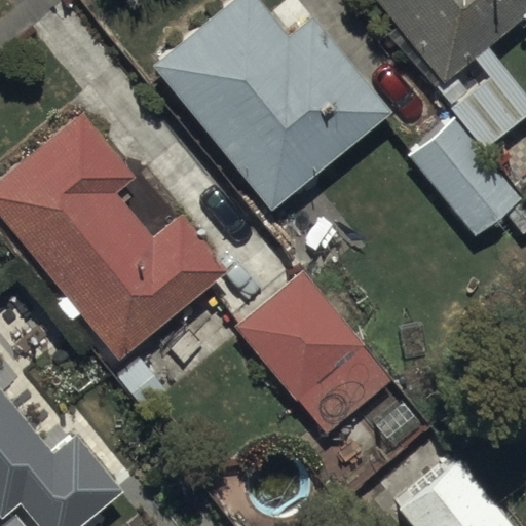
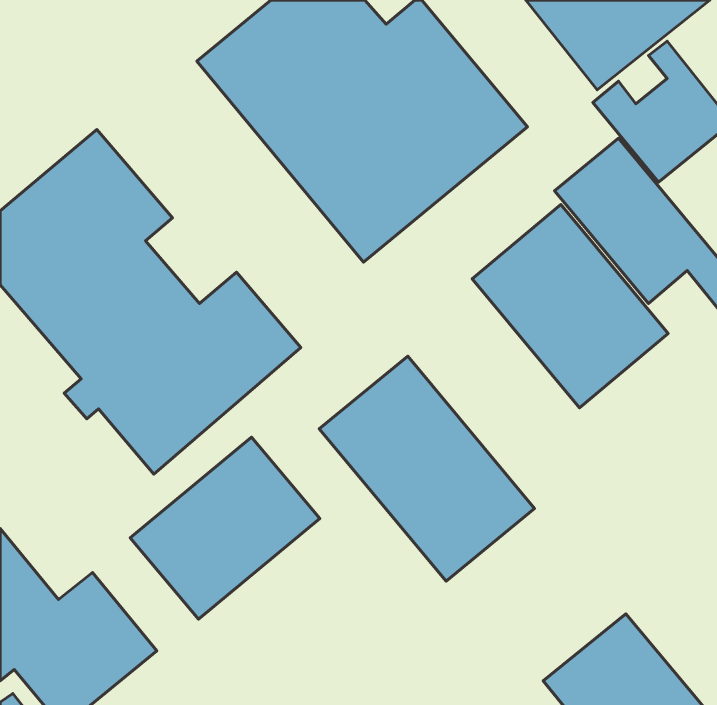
building: none -> [472,204,668,408]
building: none -> [130,437,320,619]

